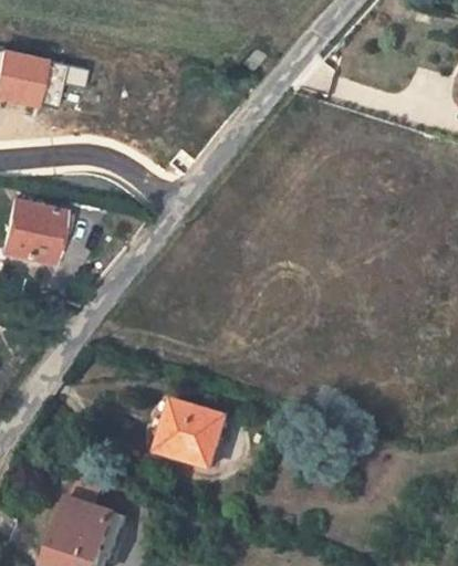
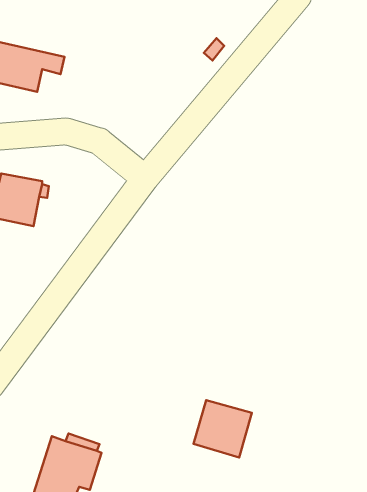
building: [154,401,220,467] -> [193,400,252,457]

